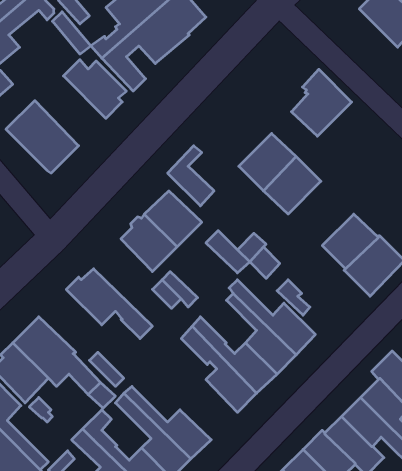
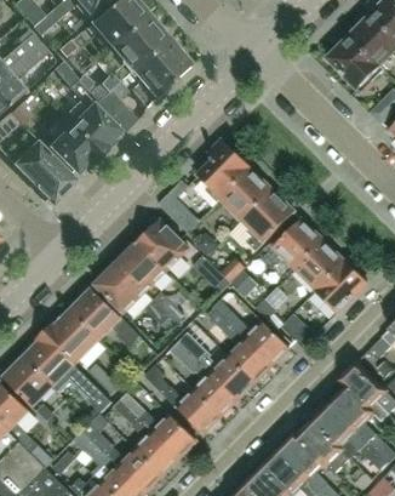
building: [291,69,352,136] -> [198,138,251,198]
building: none -> [51,118,103,173]
building: none -> [273,218,322,268]
building: none -> [95,262,144,312]
building: none -> [44,307,99,363]
building: none -> [144,365,219,433]

